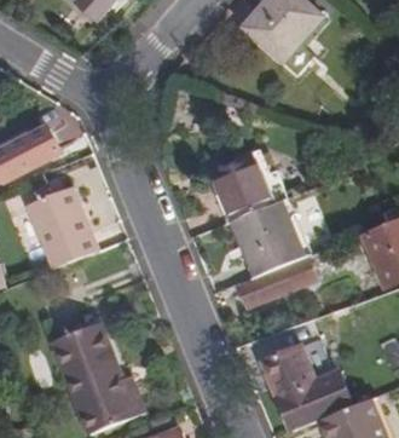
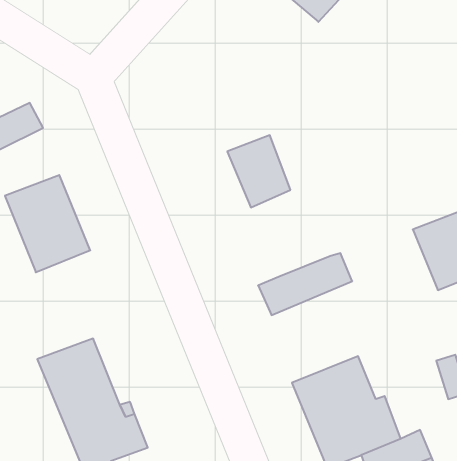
building: [229,197,294,271] -> none

